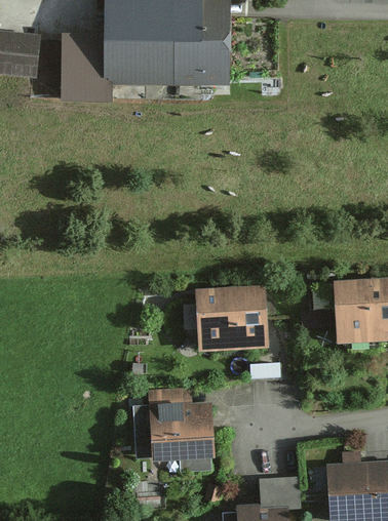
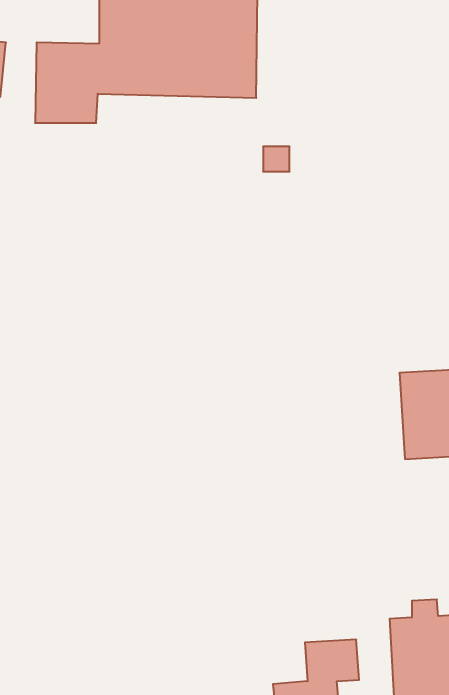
building: [195,286,268,353] -> none
building: [132,384,215,471] -> none

